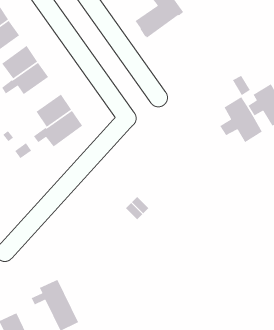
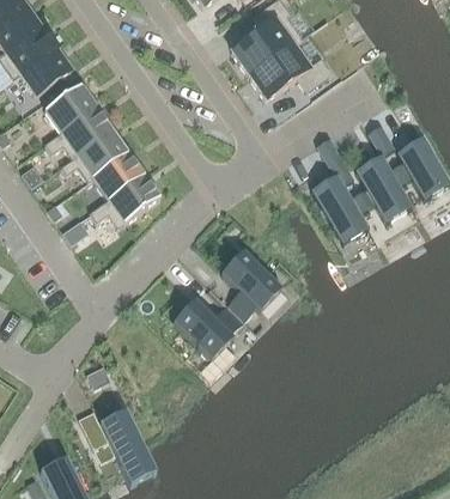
building: none -> [249,42,332,98]
building: none -> [61,128,128,179]
building: none -> [311,156,370,242]
building: none -> [221,249,282,310]
building: none -> [174,298,235,358]

